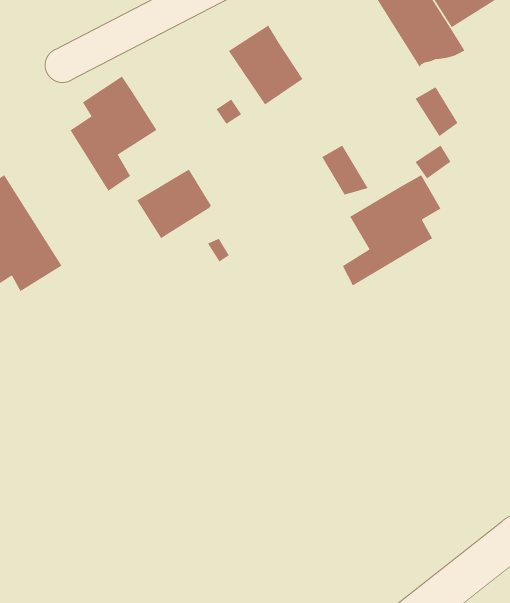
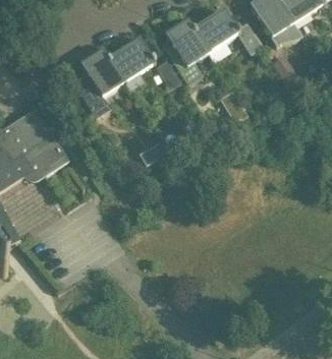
building: none -> [195,9,263,53]
building: [136,169,212,239] -> [110,39,154,79]
building: [342,174,441,286] -> none

